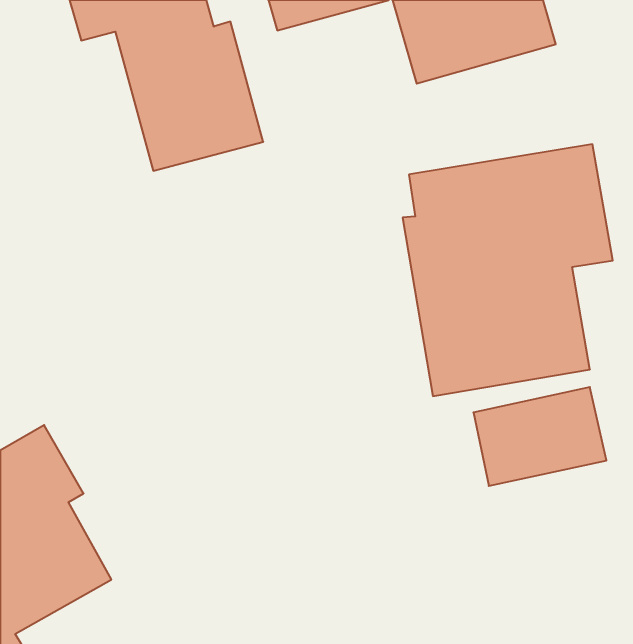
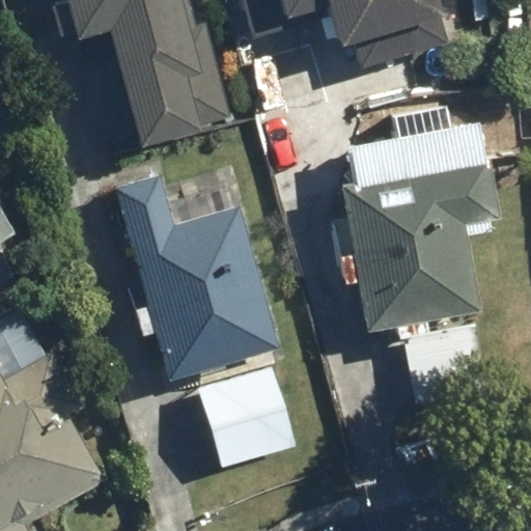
building: none -> [112,173,277,372]
building: none -> [195,365,292,466]

